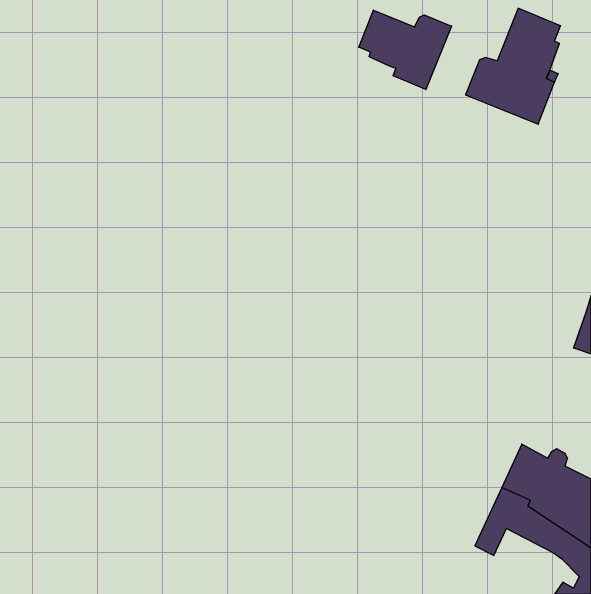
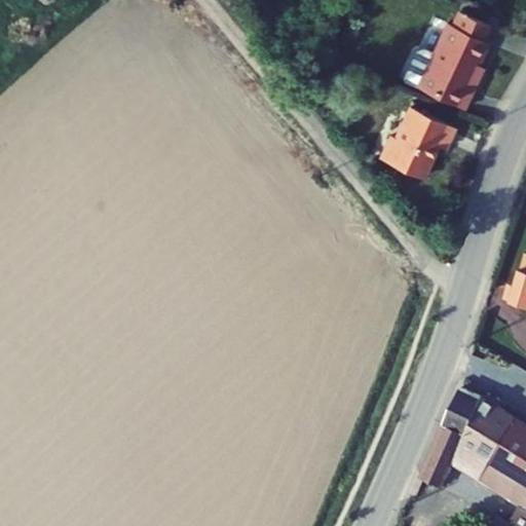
building: [359,10,452,90] -> none
building: none -> [387,107,463,180]

